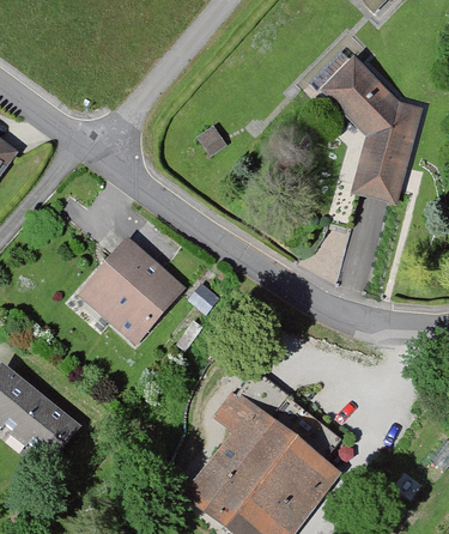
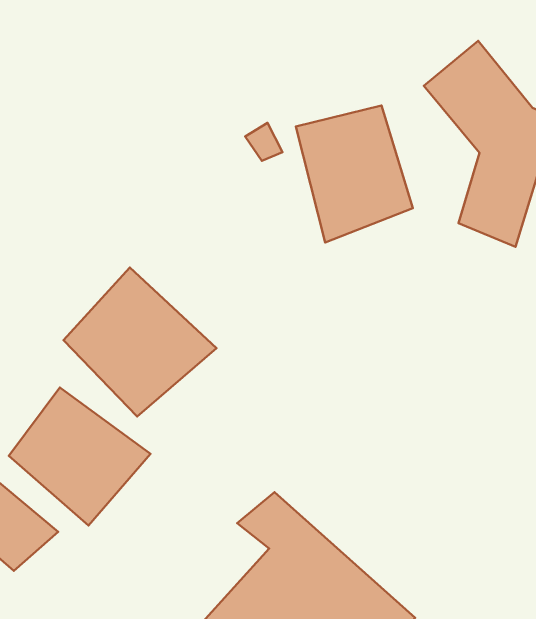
building: none -> [296,106,413,242]
building: none -> [9,387,151,526]

